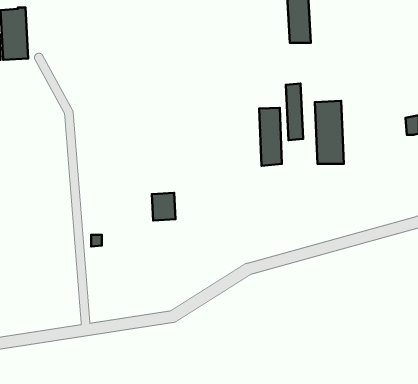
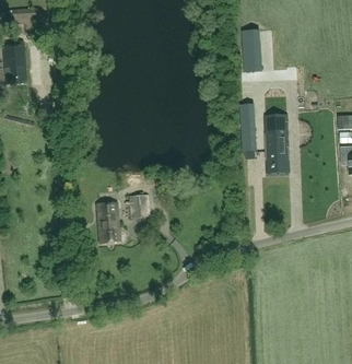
building: [259,108,282,166] -> none
building: none -> [96,202,120,243]

